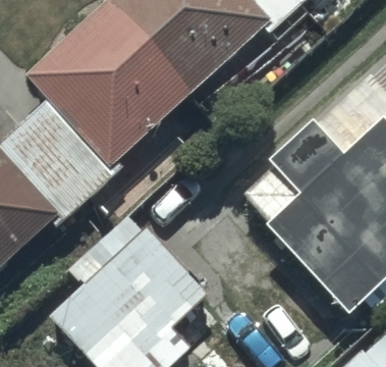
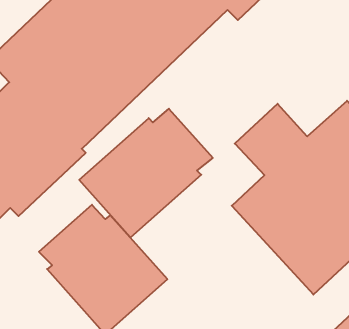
building: none -> [79,109,213,237]

